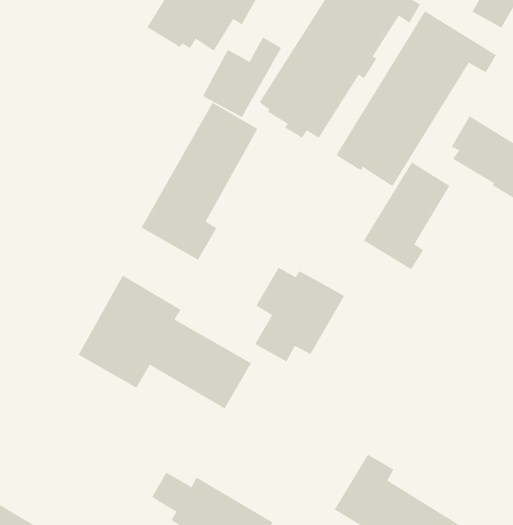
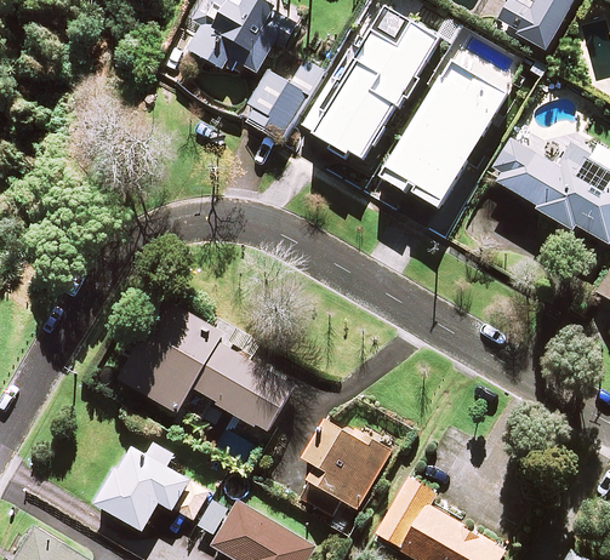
building: [141,102,258,261] -> none
building: [363,162,450,270] -> none
building: [254,267,345,362] -> [300,421,390,516]
building: none -> [92,442,209,531]

